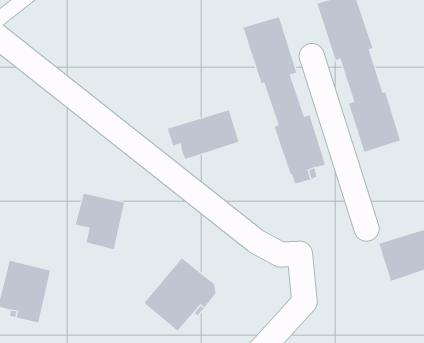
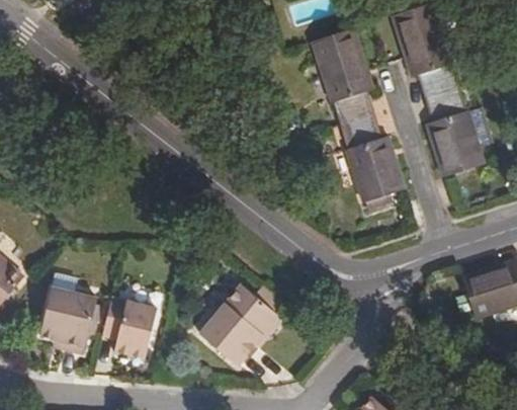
building: [167,110,239,160] -> none
building: [75,193,125,250] -> [104,301,159,362]

